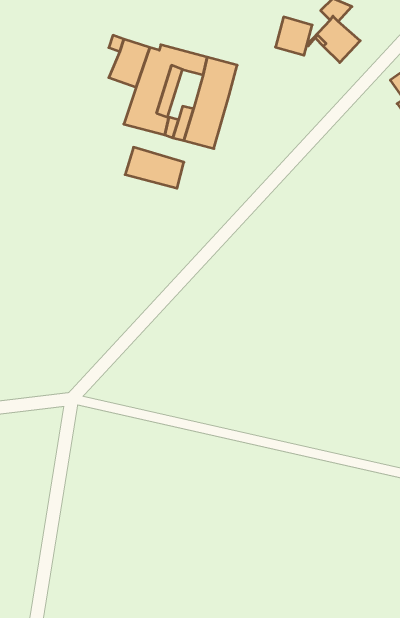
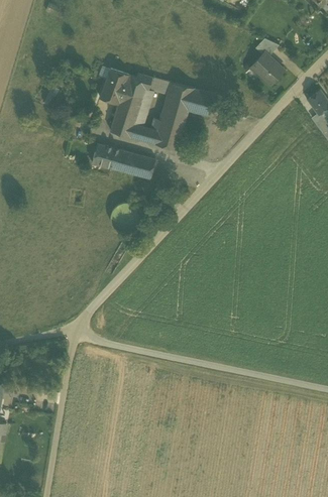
building: [275,17,312,55] -> [187,88,214,116]
building: none -> [91,143,116,168]

